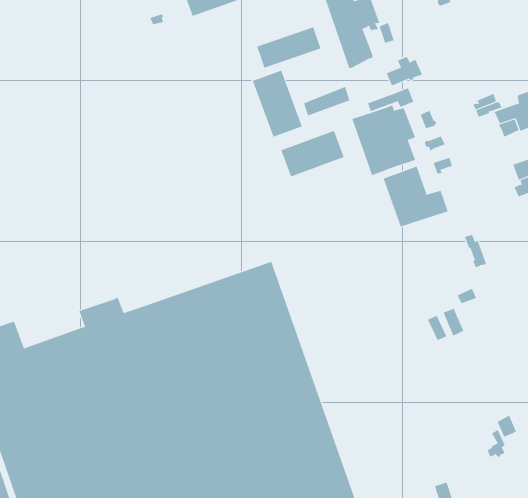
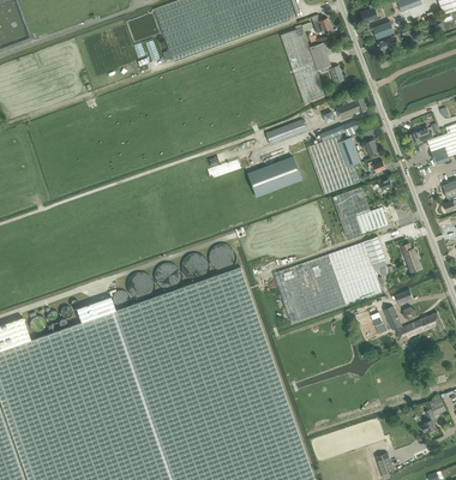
building: [256,26,321,69] -> none
building: [252,70,303,138] -> none
building: none -> [272,236,385,324]
building: none -> [396,312,443,340]

